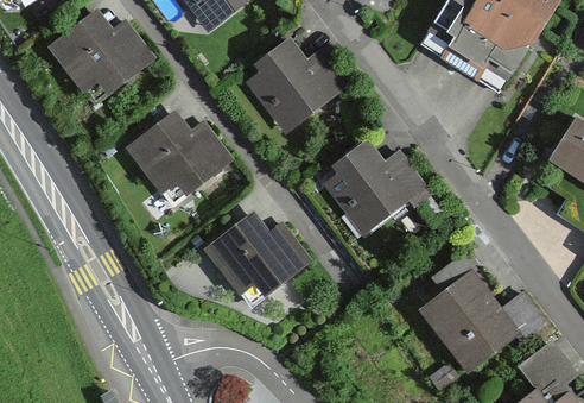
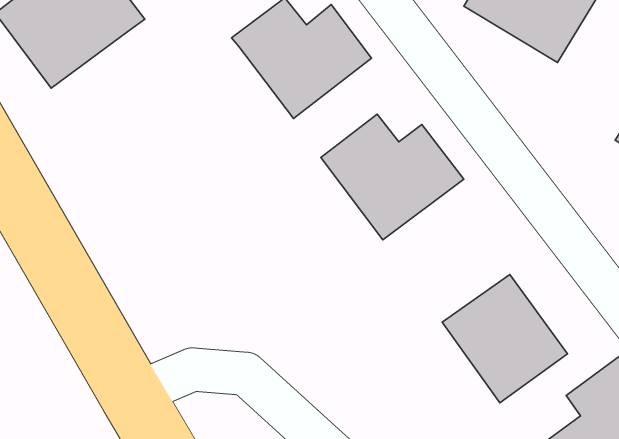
building: [123,109,235,203] -> none
building: [195,206,312,307] -> none

